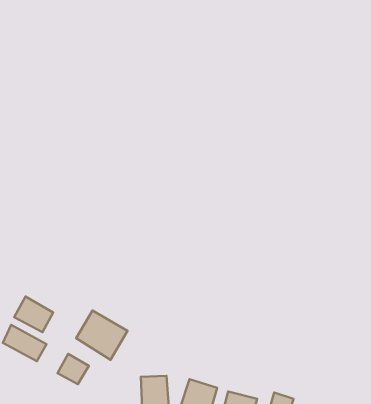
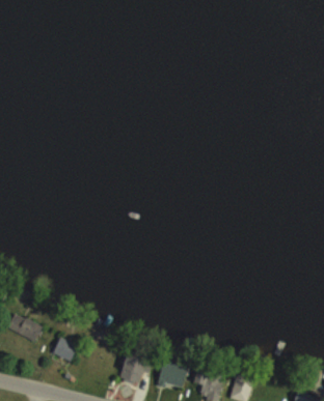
building: [14,296,53,332] -> none
building: [76,311,128,360] -> none

